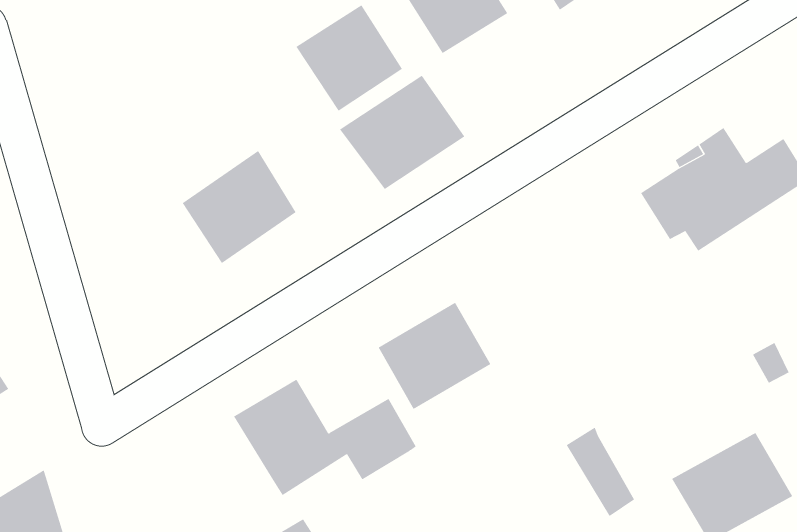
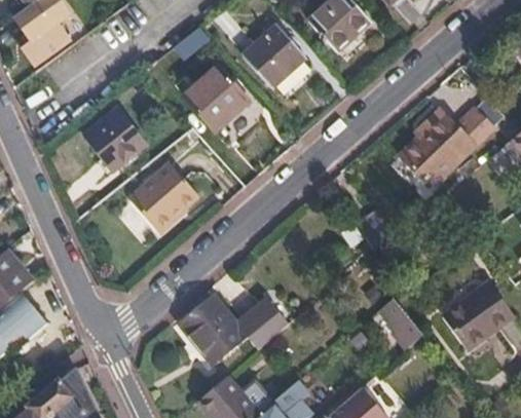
building: none -> [85,108,146,169]
building: [339,75,465,190] -> none
building: [378,302,491,410] -> none

